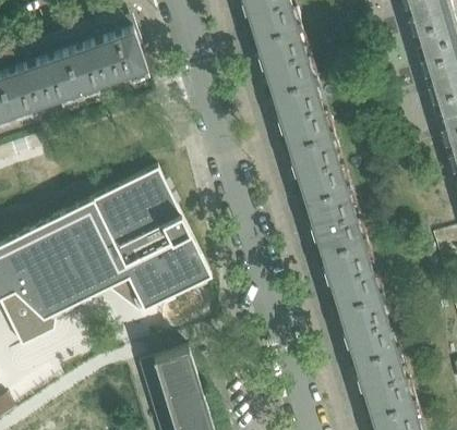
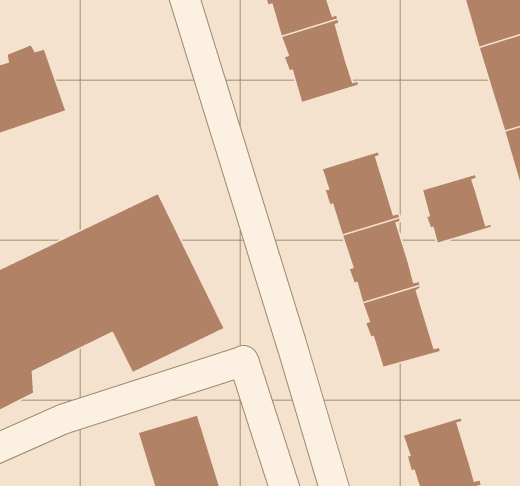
building: [65,25,152,101] -> none
building: [273,81,335,148] -> none
building: none -> [422,174,492,244]
building: [338,295,401,363] -> none

